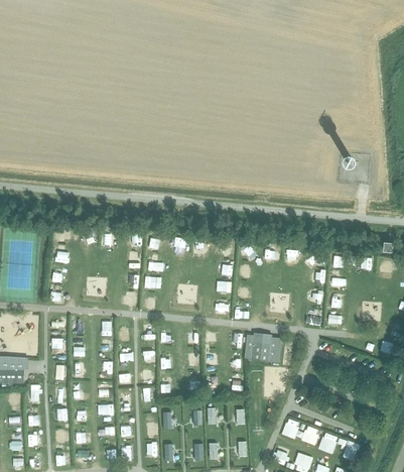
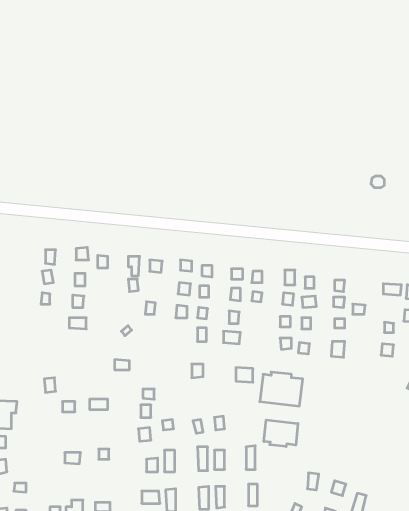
building: none -> [264,420,298,447]

